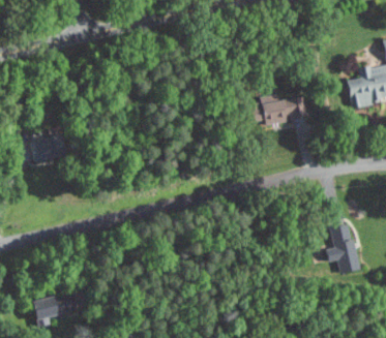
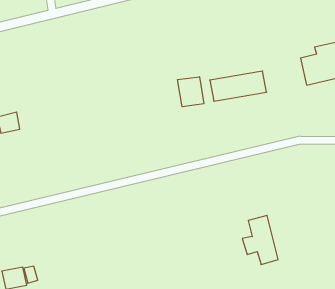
building: none -> [178,77,204,107]
building: [325,222,362,273] -> [242,215,278,265]

